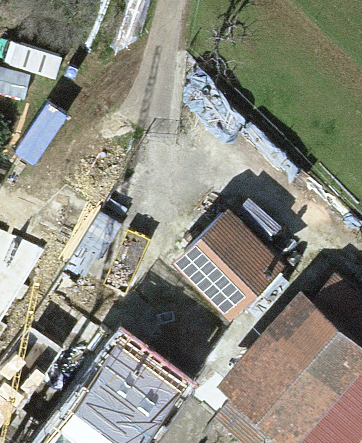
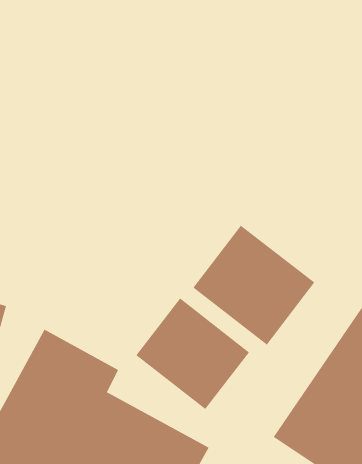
building: none -> [135,298,250,410]

